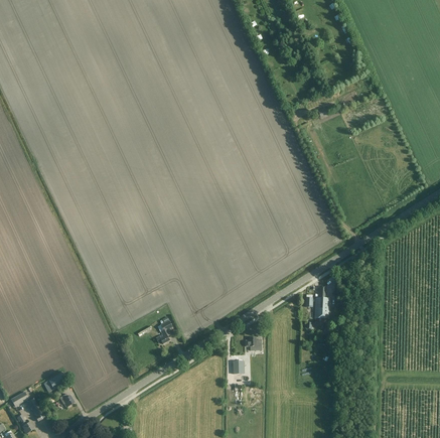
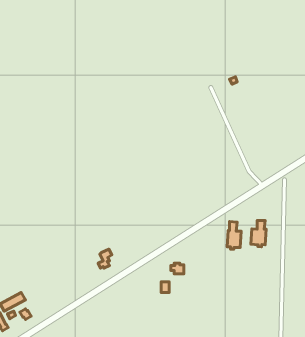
building: none -> [251,221,266,247]

